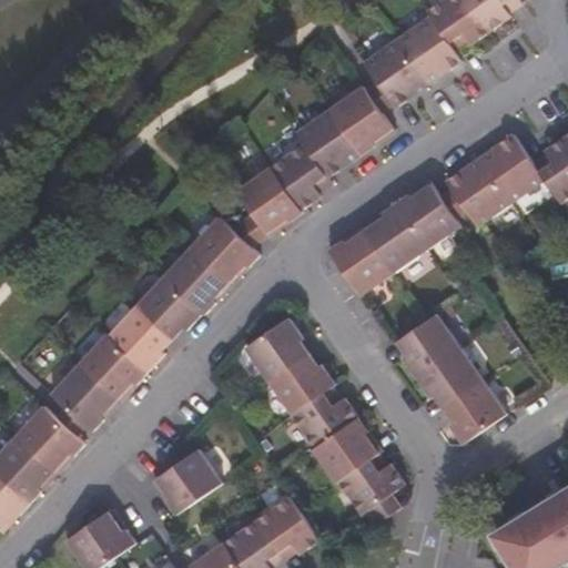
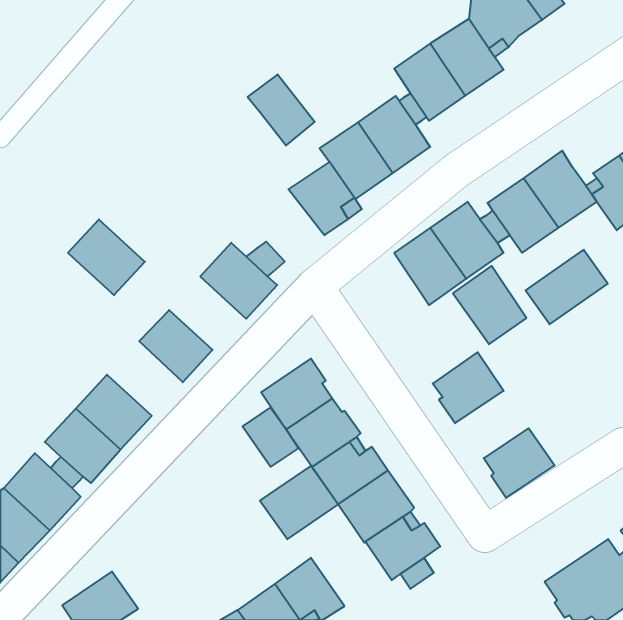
building: [242,169,302,232] -> [248,74,315,145]
building: none -> [526,250,608,324]
building: [328,225,394,295] -> [453,266,526,344]
building: [162,246,231,314] -> [68,219,145,295]
building: [108,304,174,371] -> none
building: [417,348,483,408] -> none
building: none -> [243,408,298,467]
building: [152,449,222,515] -> [260,466,338,539]

